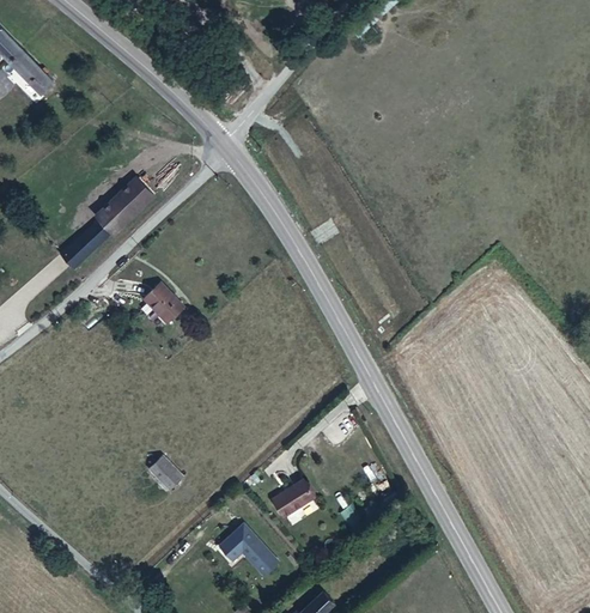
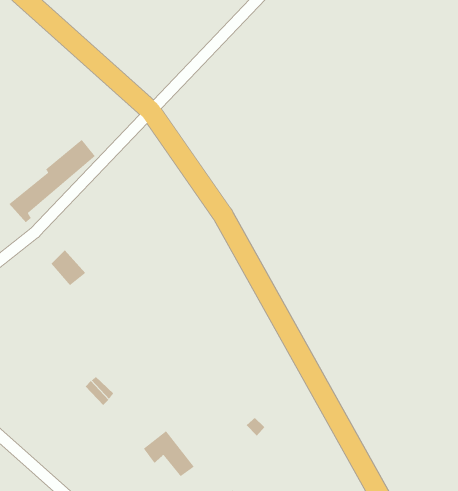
building: [141,289,183,332] -> [51,250,86,286]
building: [273,479,316,516] -> none

